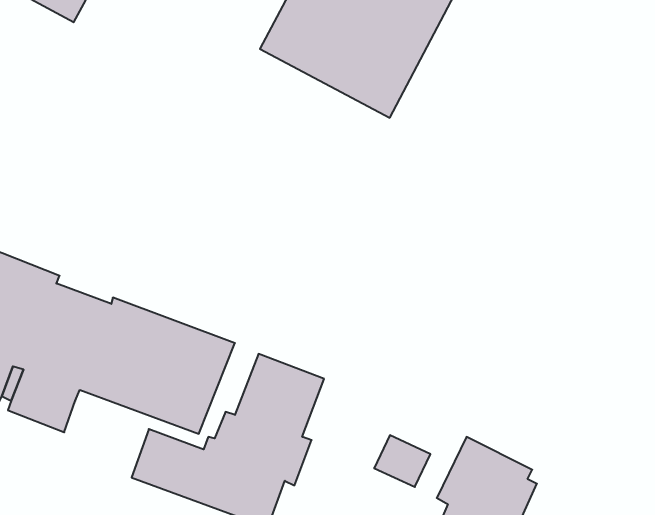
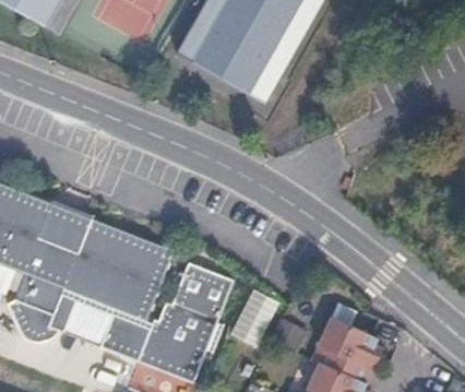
building: none -> [228,286,276,345]
building: none -> [46,292,109,345]

